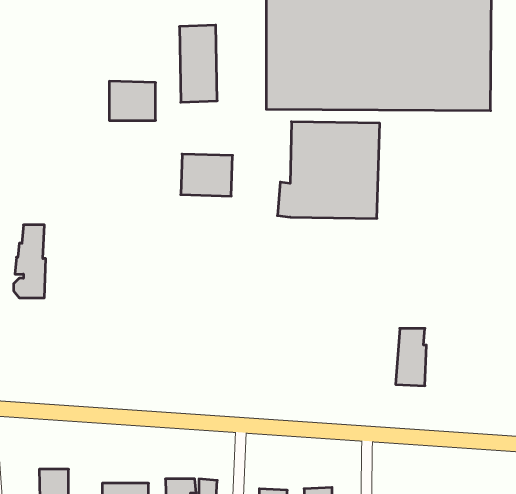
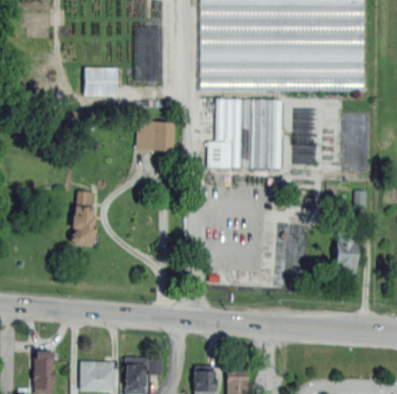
building: [14,225,46,298] -> [70,191,94,244]
building: [396,328,426,386] -> [334,231,356,273]

